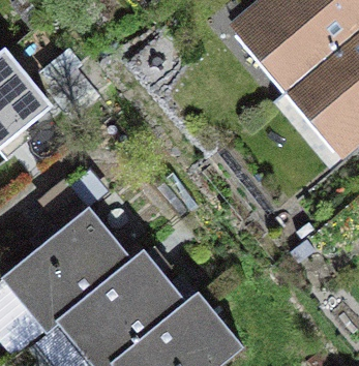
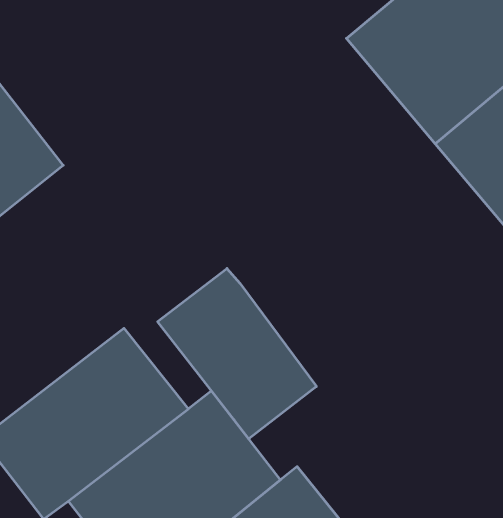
building: none -> [158,268,316,439]

